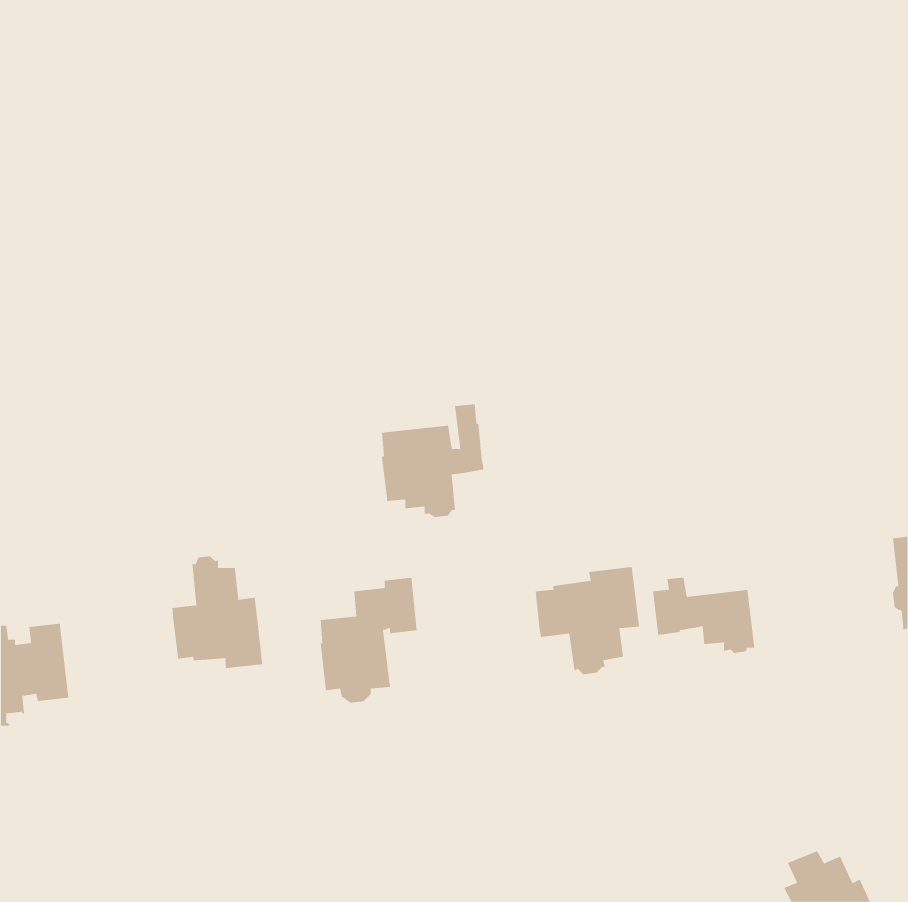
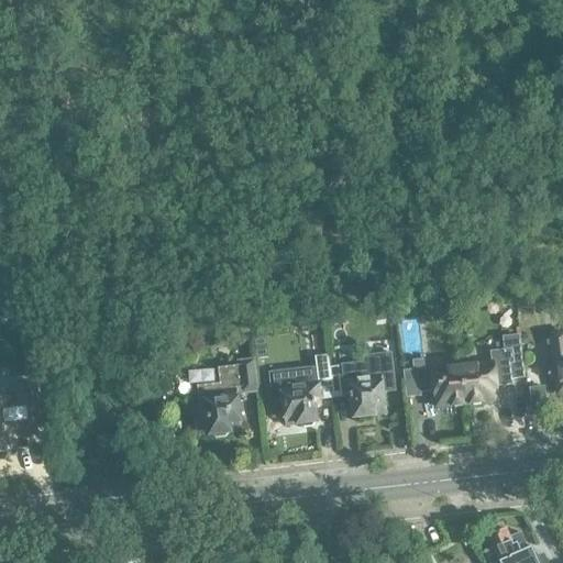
building: [381,404,484,518] -> [271,354,334,424]
building: none -> [463,333,525,402]
building: [172,556,263,669] -> none

